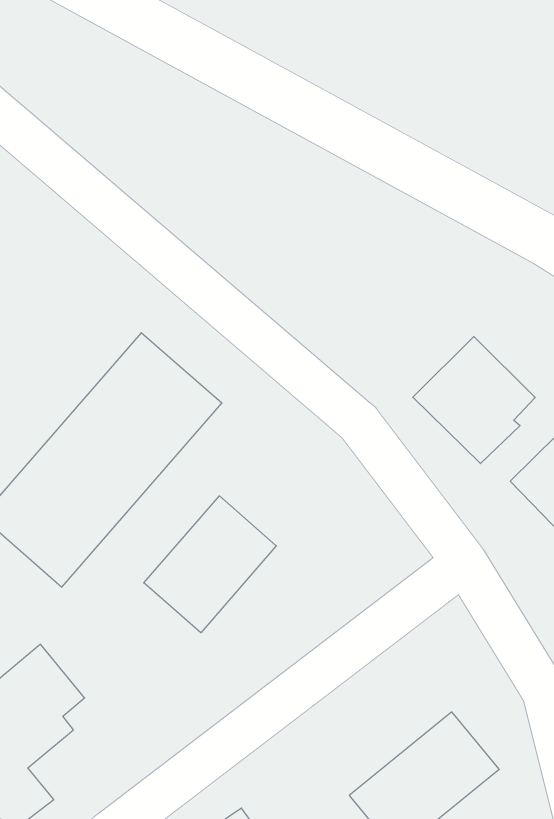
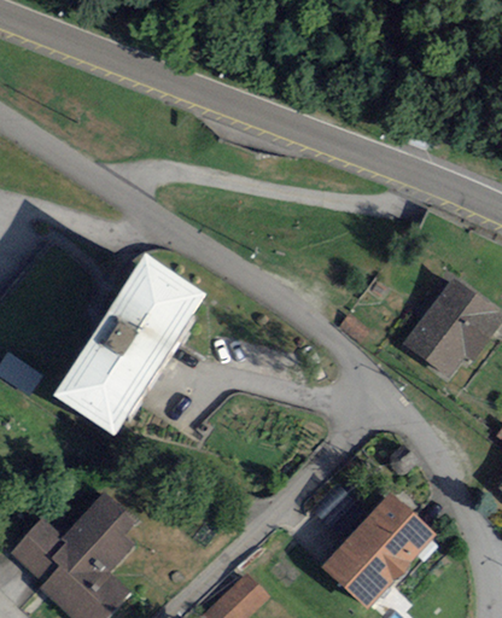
building: [413,337,535,464] -> none
building: [144,496,276,633] -> none

